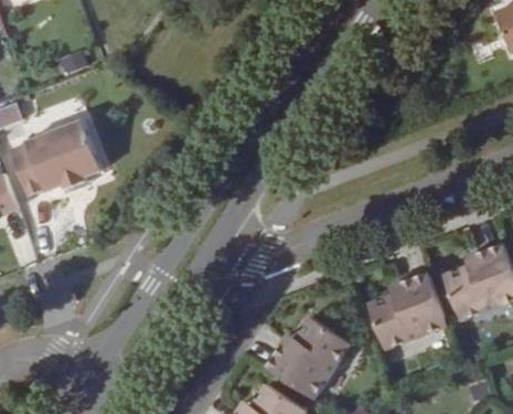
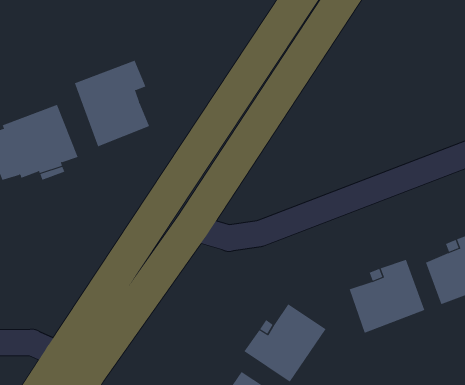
building: none -> [74,60,150,147]

